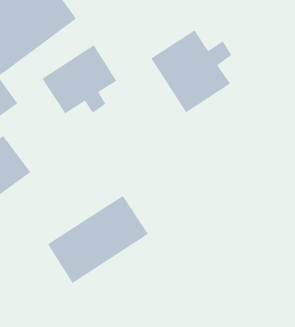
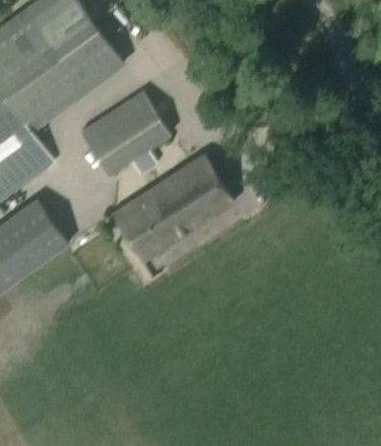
building: [150,30,232,113] -> none
building: [47,195,149,284] -> [113,156,233,261]

